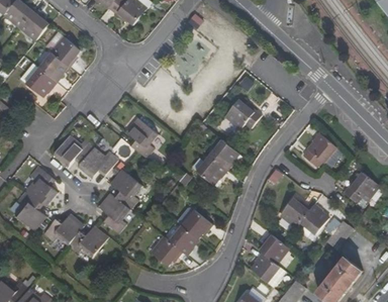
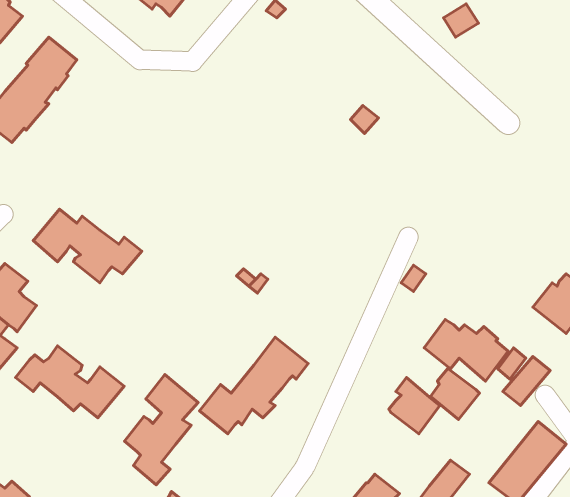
building: [225,100,261,128] -> none
building: [126,118,156,158] -> none
building: [302,132,336,167] -> none
building: [196,139,238,184] -> none
building: [99,169,141,232] -> [125,374,198,485]
building: [251,253,279,282] -> [430,369,479,419]

